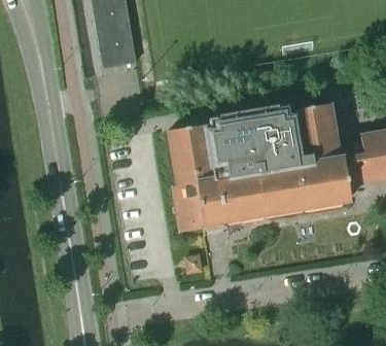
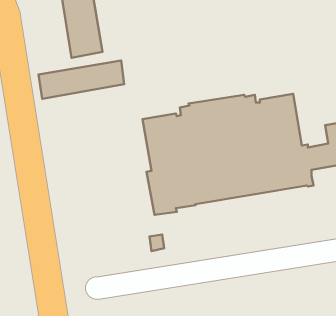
building: none -> [39,61,124,99]

